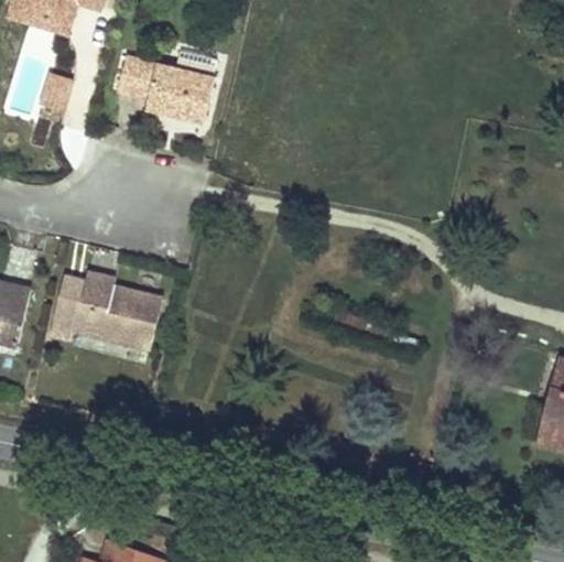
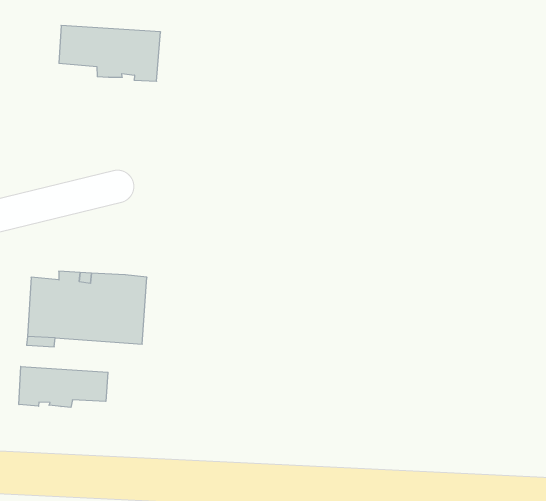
building: none -> [19,366,108,407]

